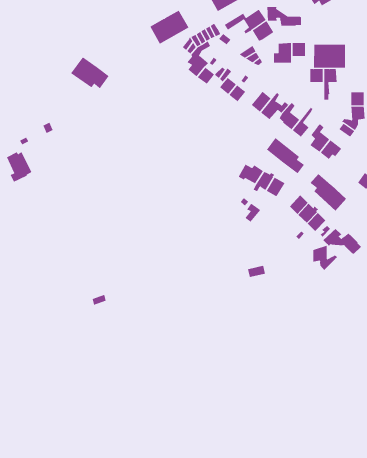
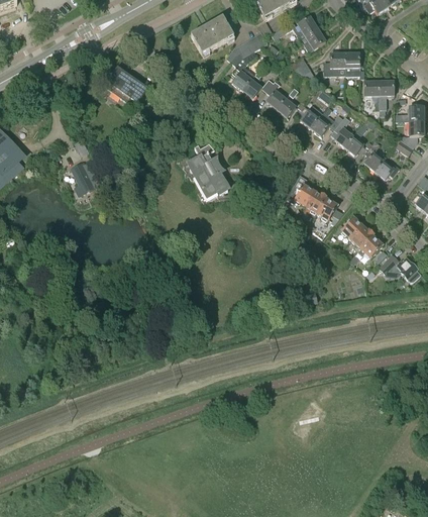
building: [267,6,302,26] -> none
building: [314,44,346,69] -> none
building: none -> [189,143,229,200]
building: [266,137,305,174] -> none
building: [6,152,32,182] -> [72,162,100,195]
building: [310,173,347,212] -> none
building: [313,245,338,271] -> none

